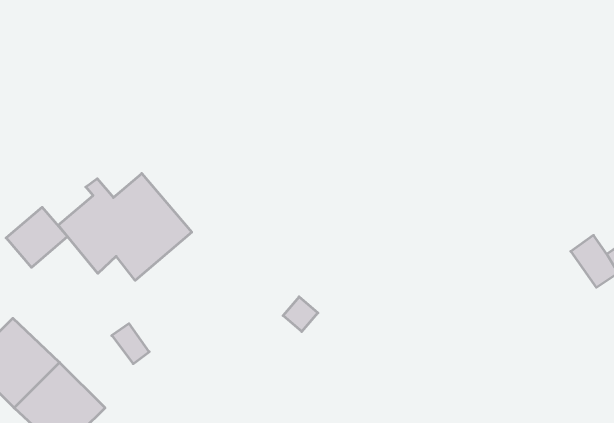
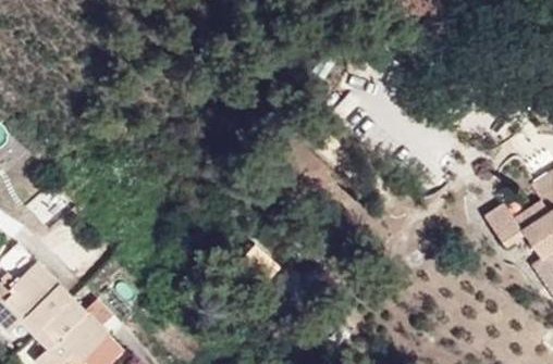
building: [58,173,192,280] -> none

